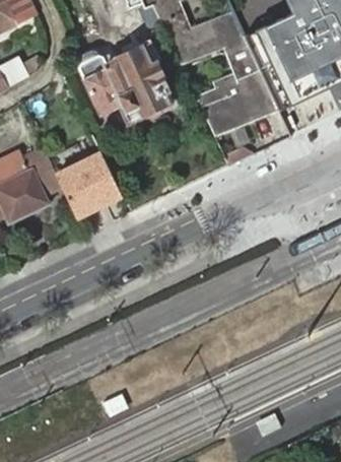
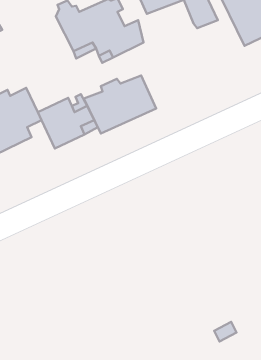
building: [196,70,278,136] -> [84,75,156,133]

